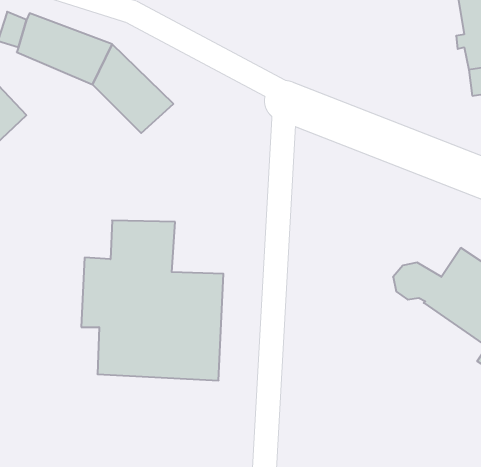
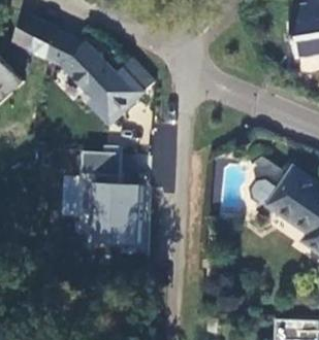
building: none -> [91,61,150,124]

